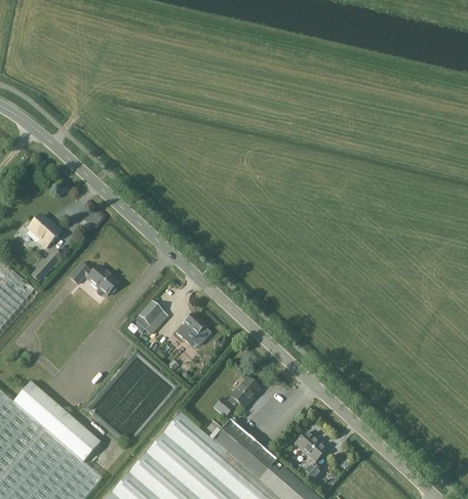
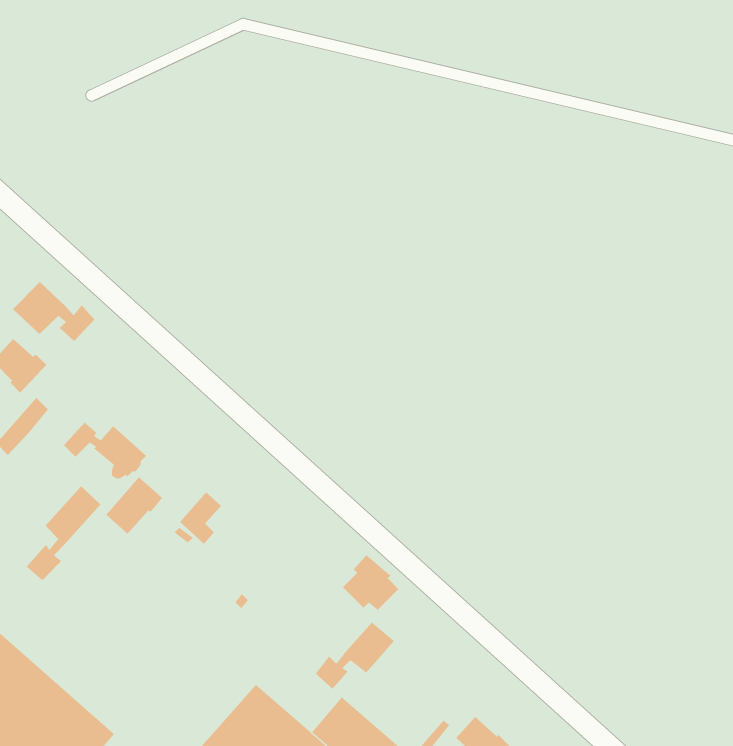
building: none -> [12,281,95,342]
building: none -> [105,476,163,535]
building: none -> [26,485,101,581]
building: [177,314,209,346] -> [342,553,399,610]

